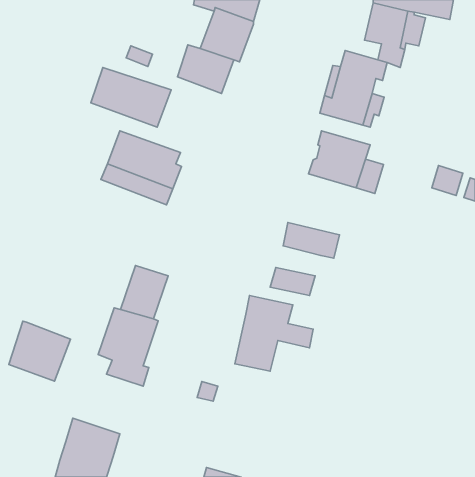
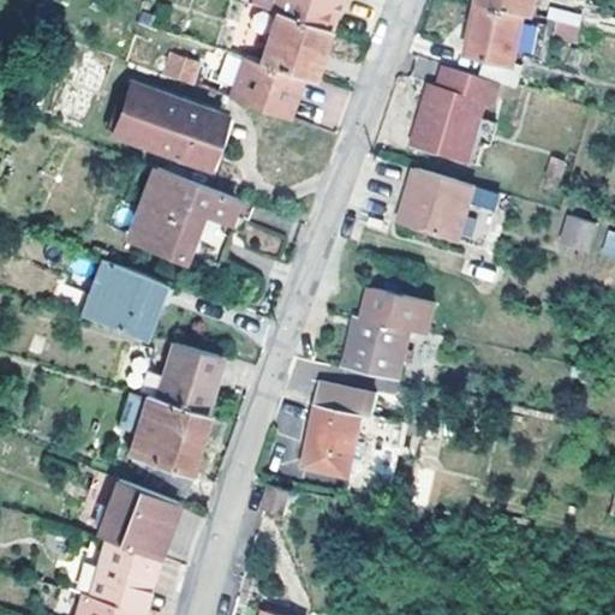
building: none -> [79,261,160,339]
building: none -> [354,315,412,354]
building: [9,321,71,381] -> [95,478,174,555]

